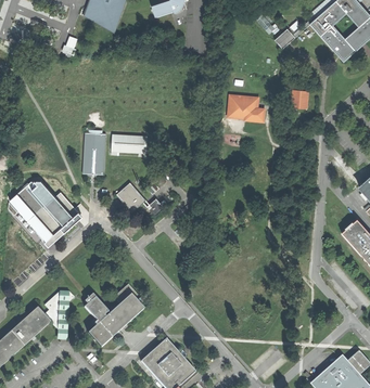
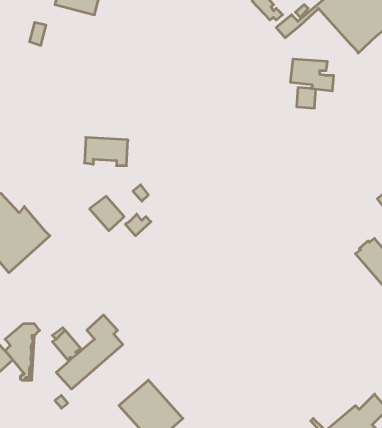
building: [226,95,263,122] -> [290,59,334,91]
building: [82,132,105,174] -> none

